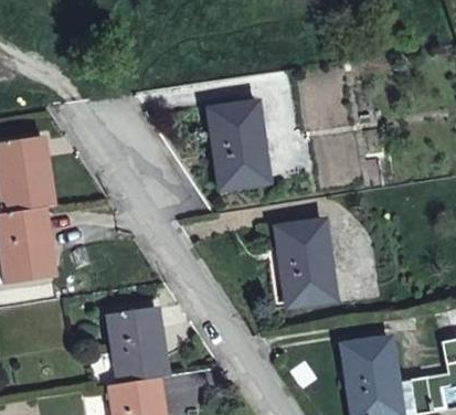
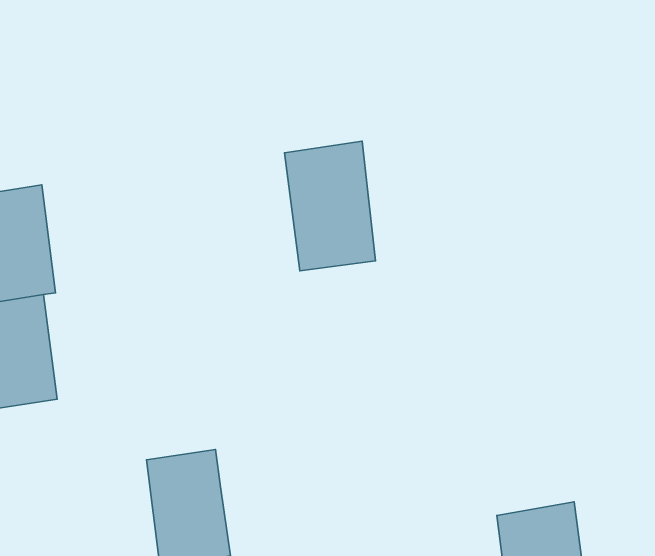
building: [276,222,335,309] -> none

